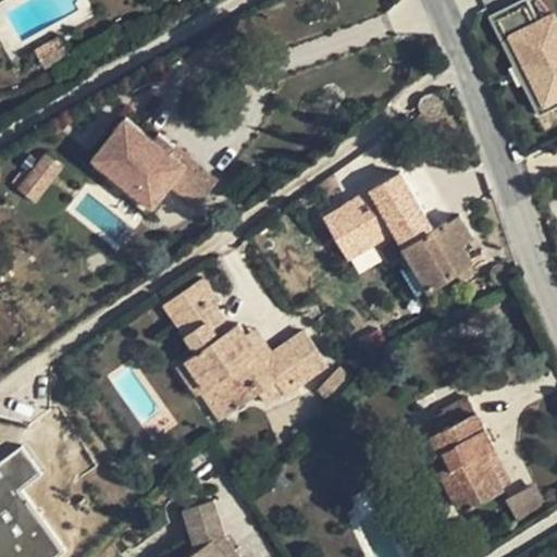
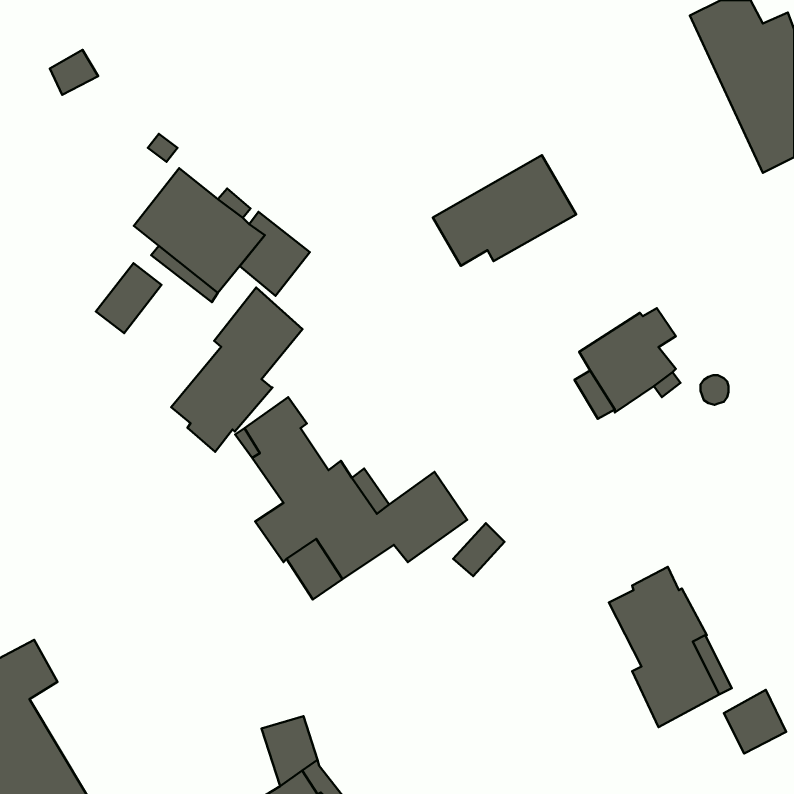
building: [18,156,64,205] -> [96,263,161,333]
building: [324,173,424,250] -> [433,155,576,266]
building: none -> [171,287,302,452]

